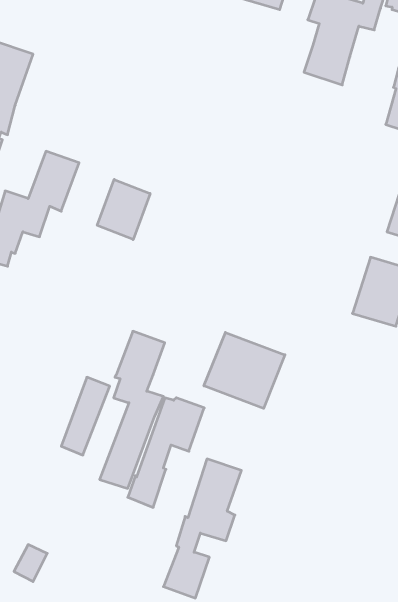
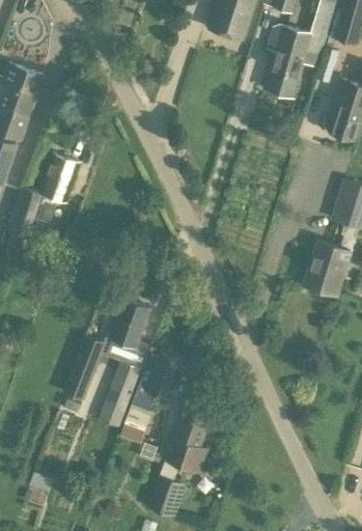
building: [97,179,150,240] -> none
building: [204,332,285,408] -> none

